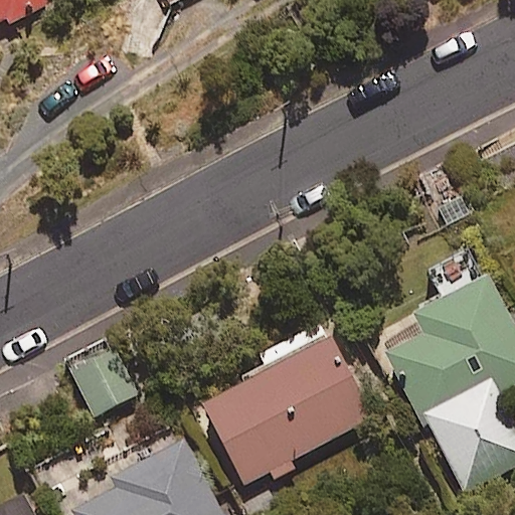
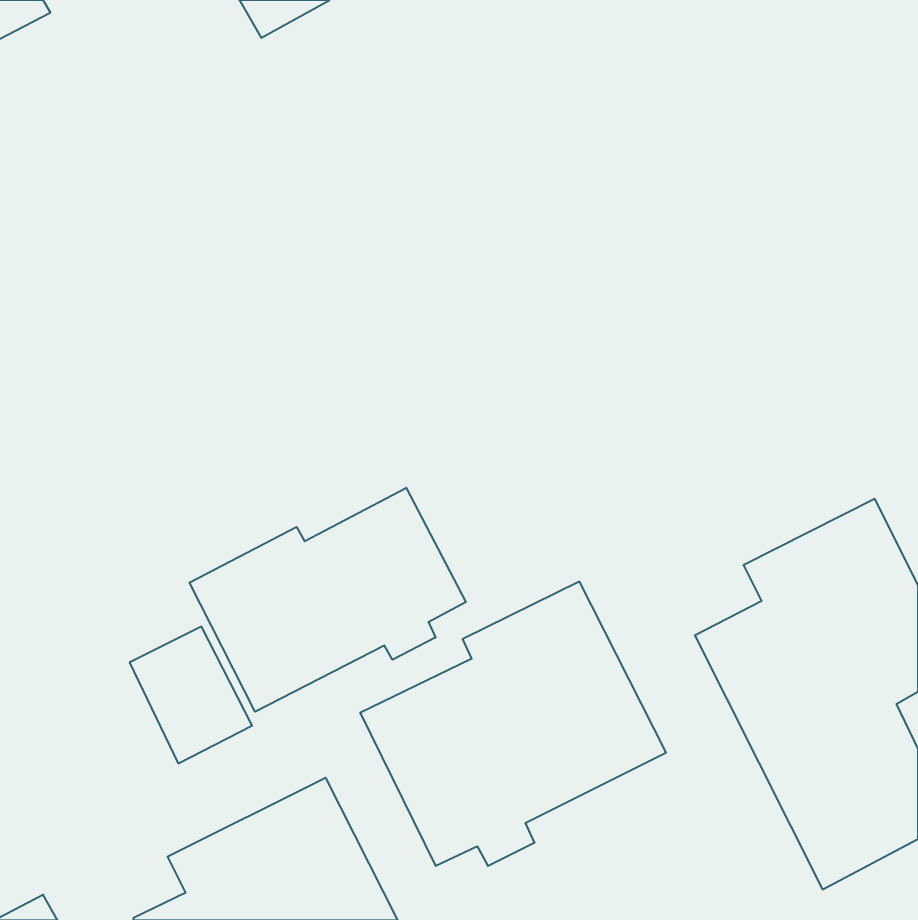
building: none -> [189,488,466,712]

